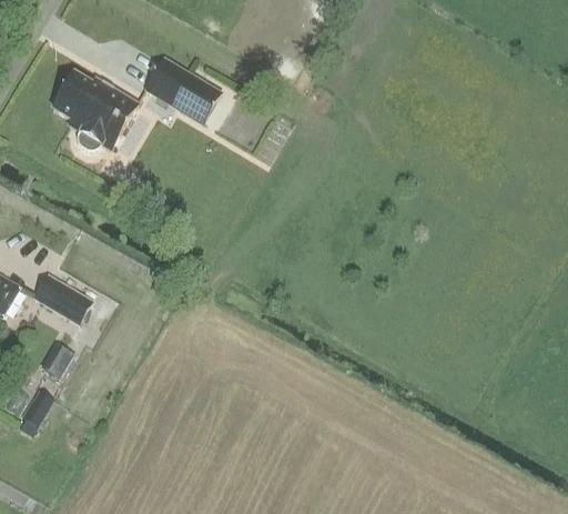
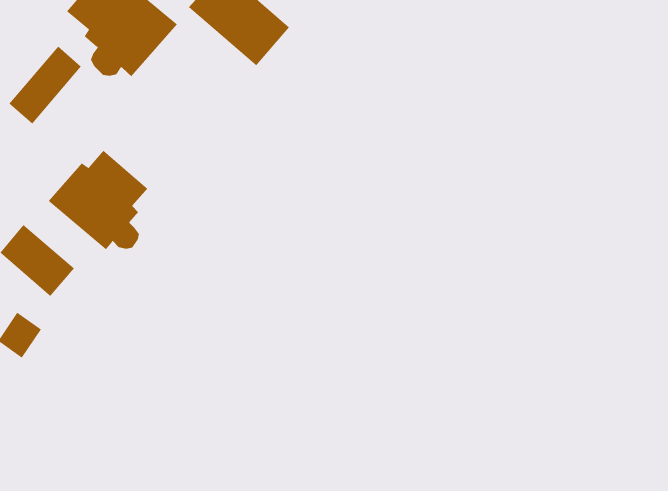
building: none -> [8,46,82,124]
building: none -> [48,150,148,250]

